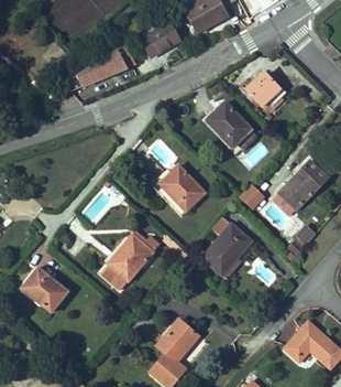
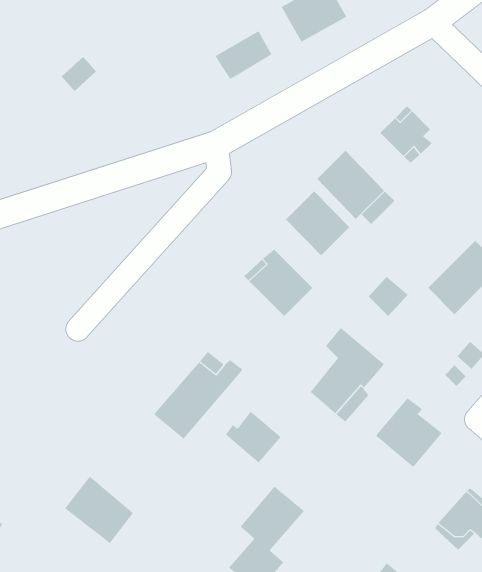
building: [66,46,135,92] -> none
building: none -> [285,191,350,256]
building: none -> [375,397,443,468]
building: [21,267,66,311] -> [64,476,134,544]
building: none -> [225,411,281,464]

